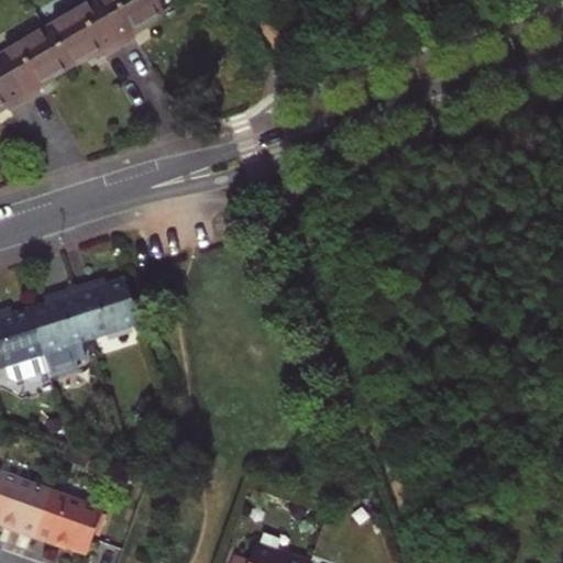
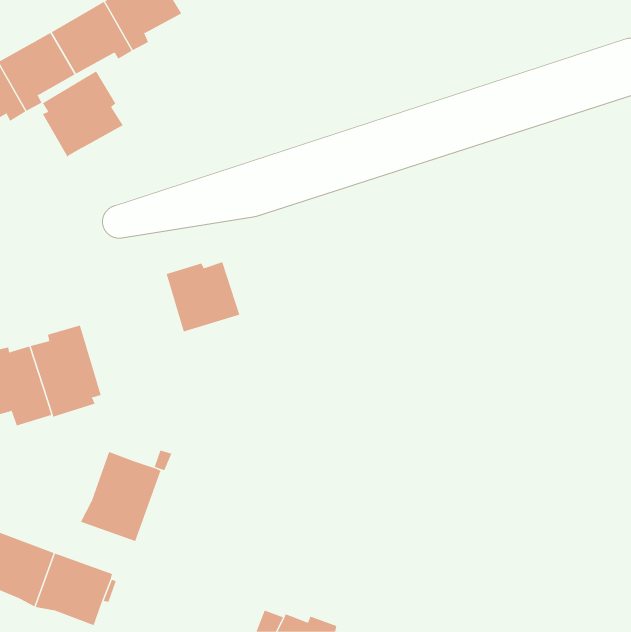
building: none -> [42,70,123,158]
building: [71,277,137,340] -> [166,262,240,332]
building: none -> [80,451,161,542]

